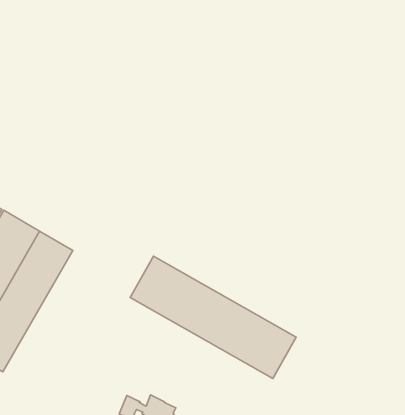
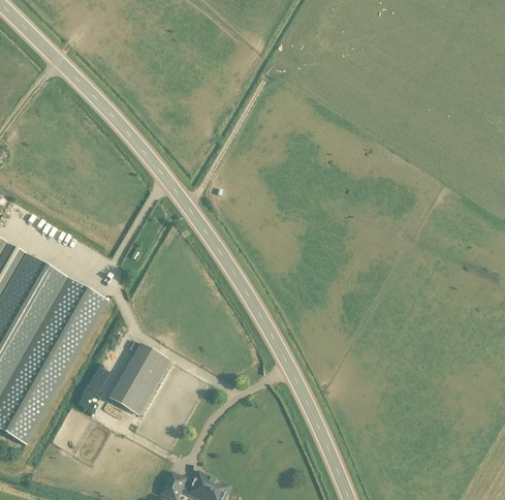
building: [130,256,296,378] -> none
building: none -> [108,344,166,414]

